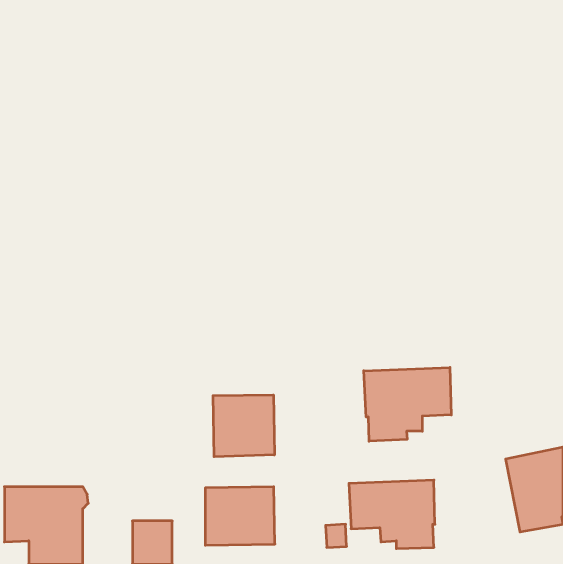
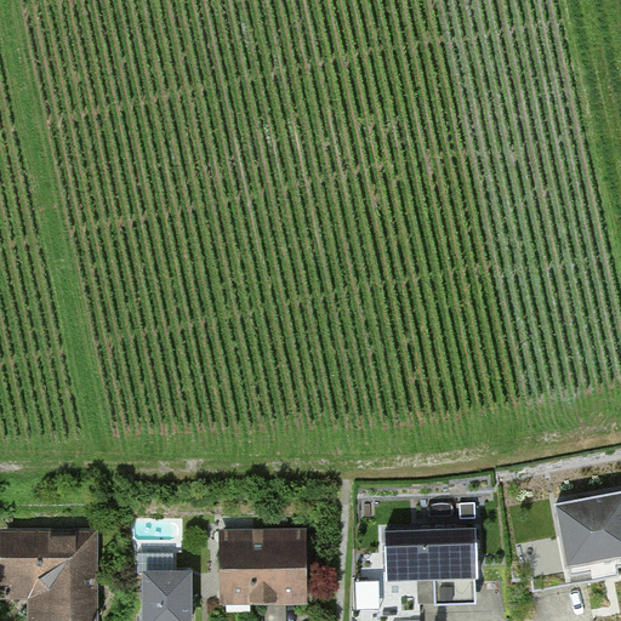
building: [364,367,451,441] -> none
building: [213,395,274,457] -> none

